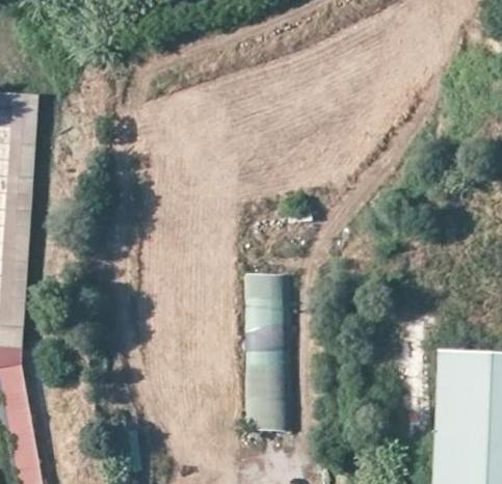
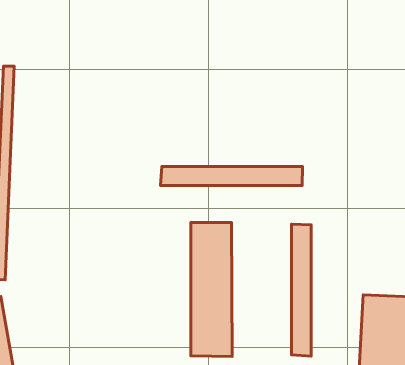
building: none -> [160,166,302,186]
building: none -> [292,224,311,356]

